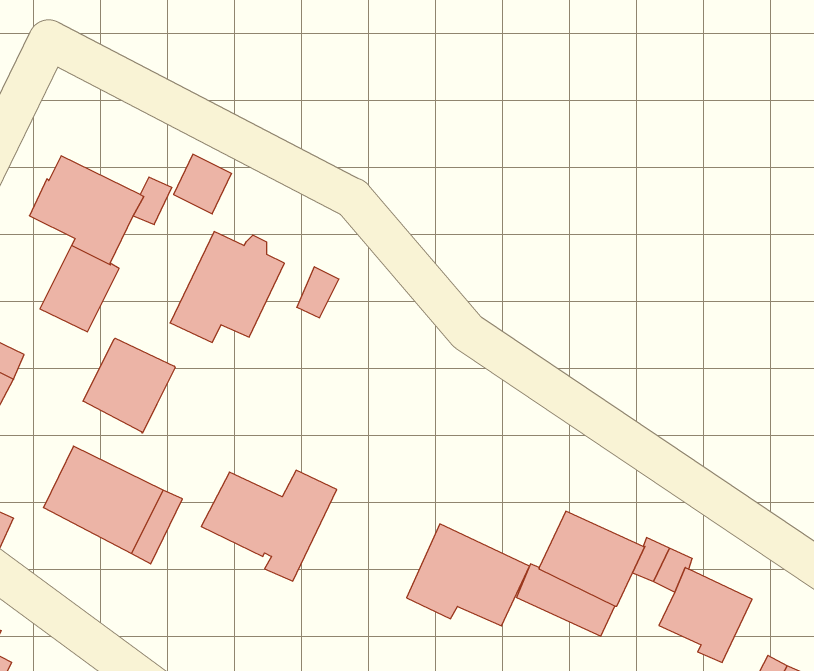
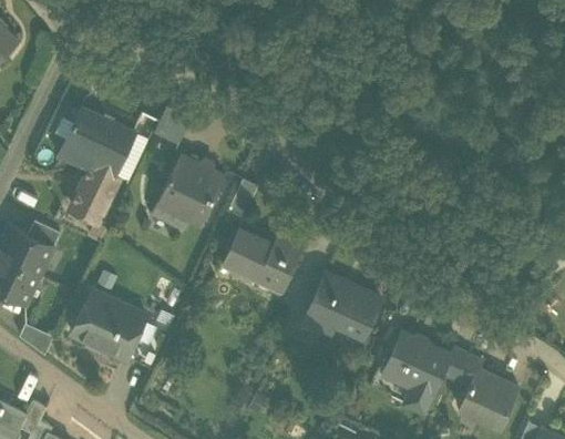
building: [83,338,175,433] -> none
building: [201,470,337,581] -> [220,227,306,297]
building: [407,524,530,626] -> [302,273,380,337]

